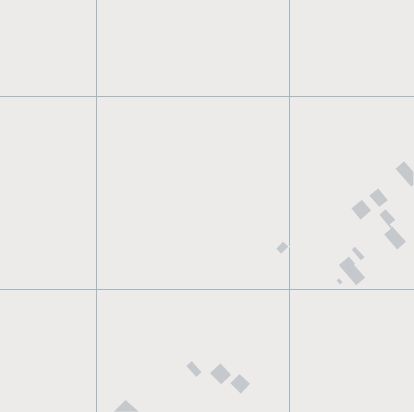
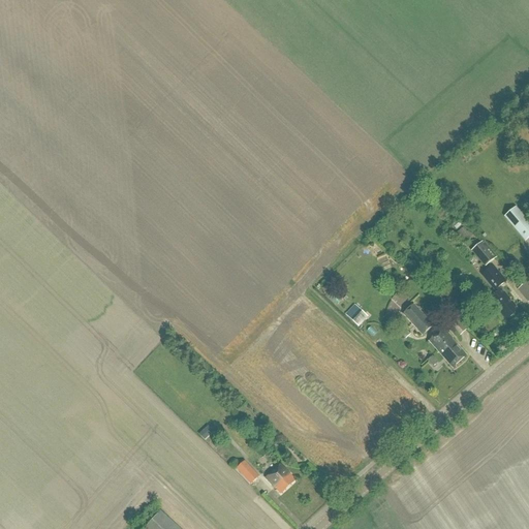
building: [351,199,372,220] -> none
building: none -> [402,302,433,334]
building: [229,373,251,395] -> none

